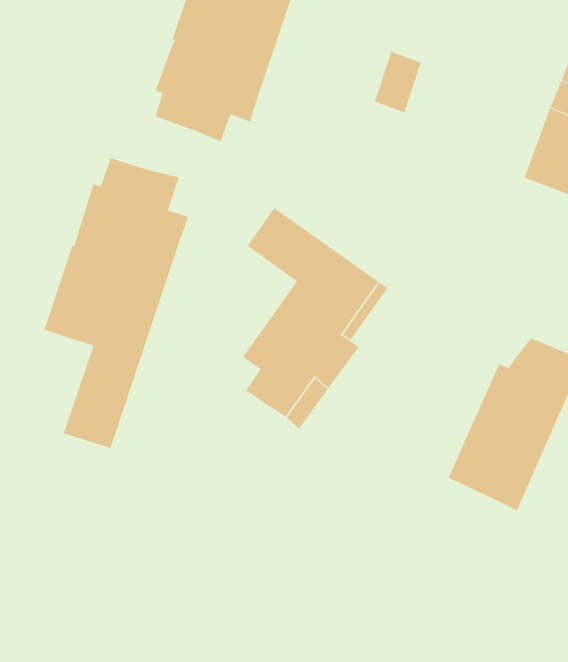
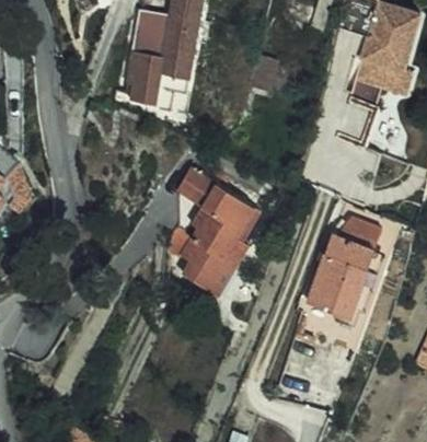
building: [44,157,189,449] -> none

